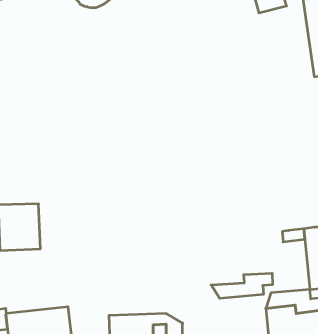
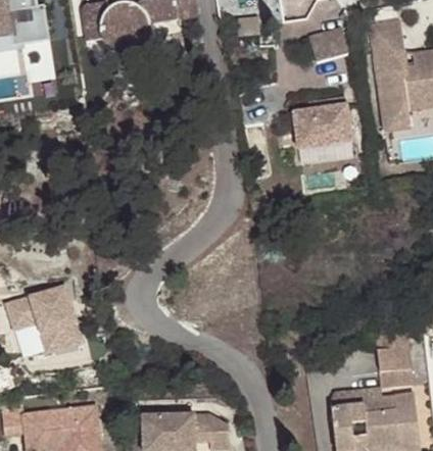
building: none -> [295,112,352,156]
building: [211,273,272,298] -> none

